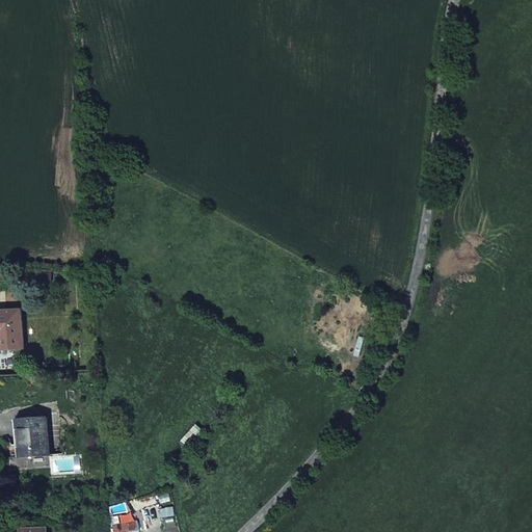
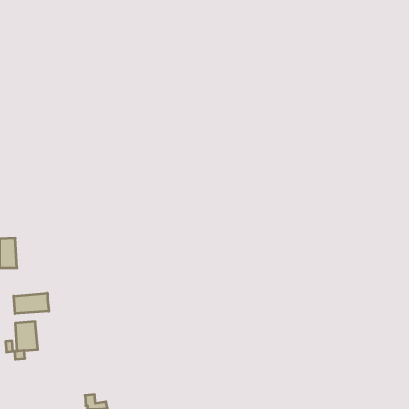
building: none -> [14,293,49,314]

